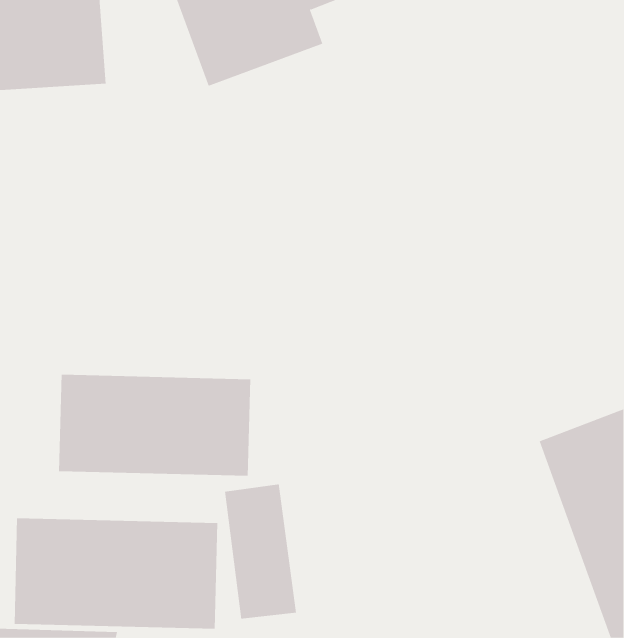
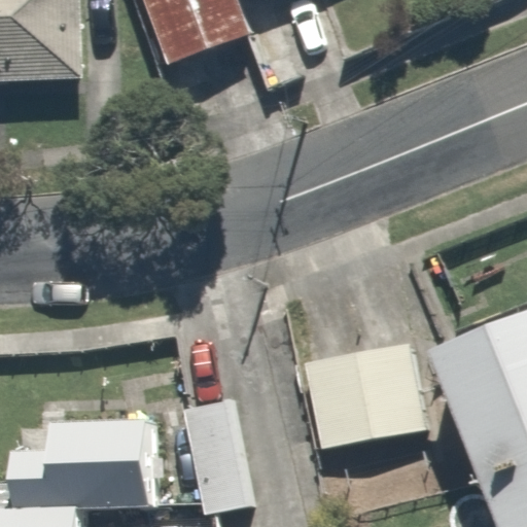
building: [59,374,251,476] -> none
building: none -> [303,342,422,449]

